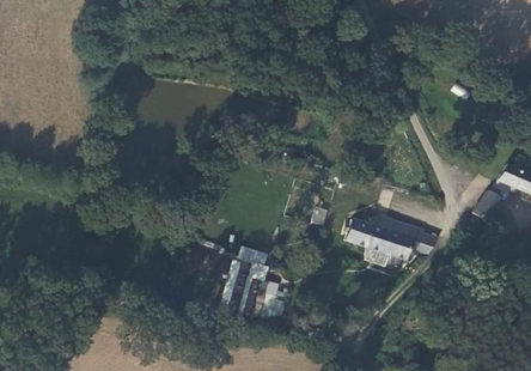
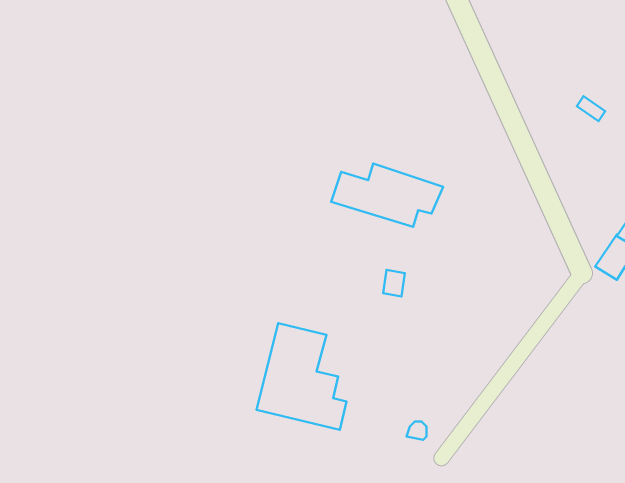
building: [347,220,427,266] -> [331,164,443,227]

